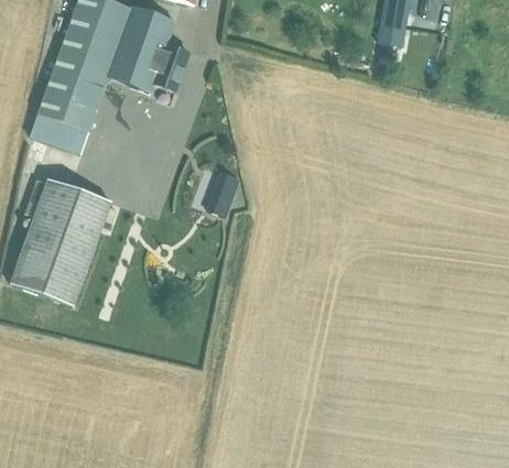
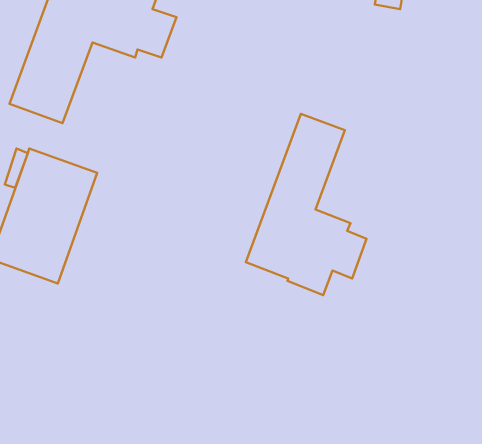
building: none -> [246,114,367,295]
building: [208,171,239,216] -> none

